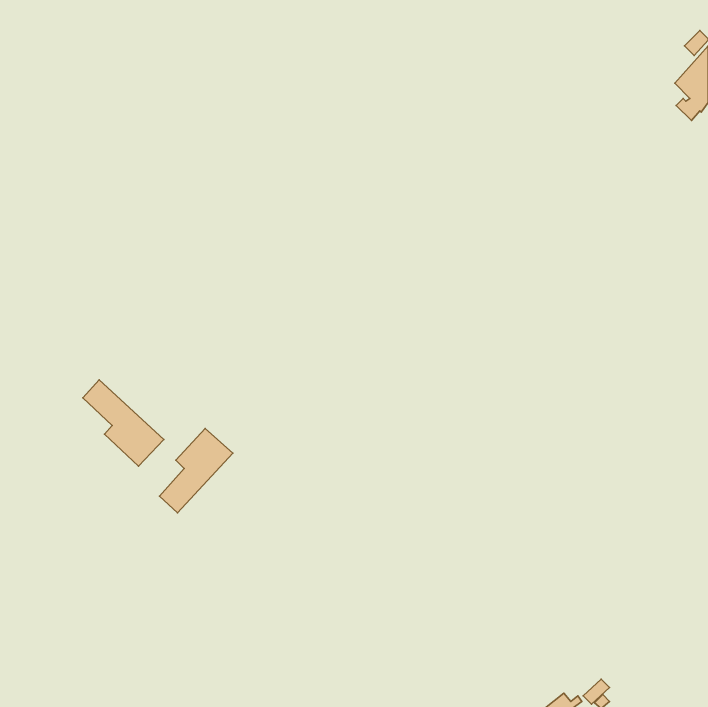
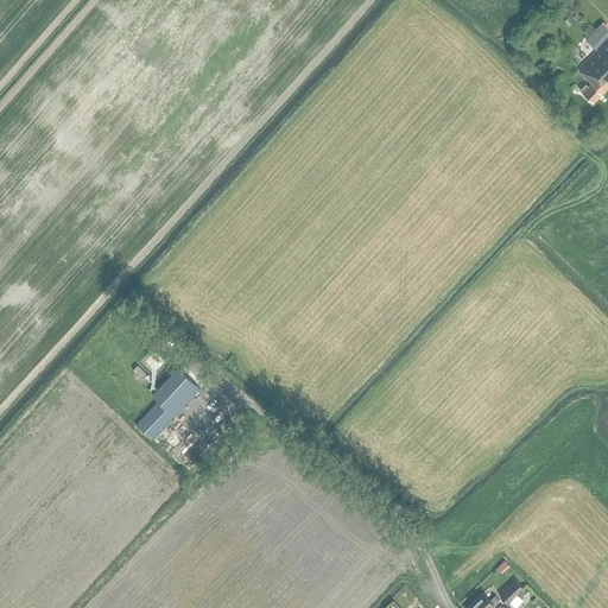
building: [83,380,164,466] -> none

